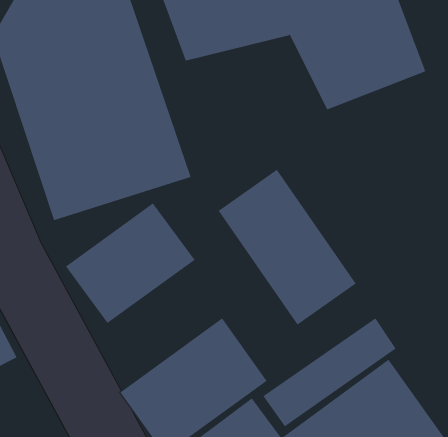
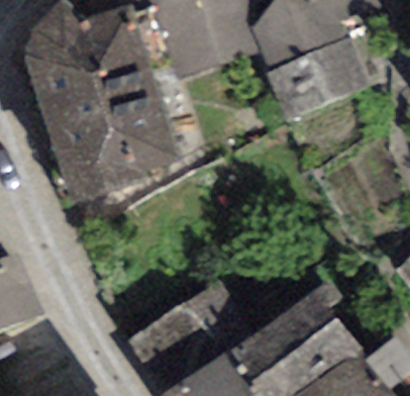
building: [218,169,357,325] -> none
building: [65,202,195,324] -> none

